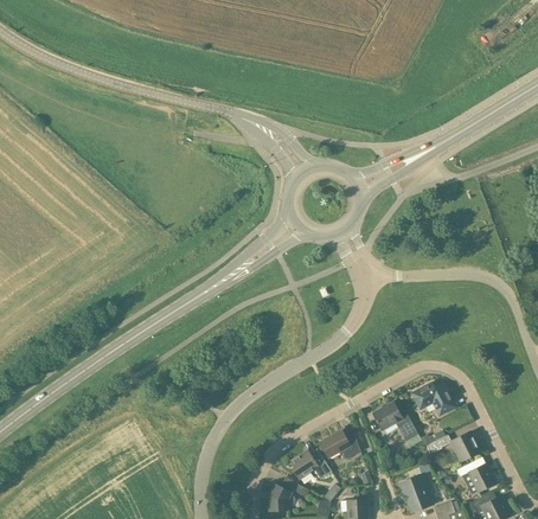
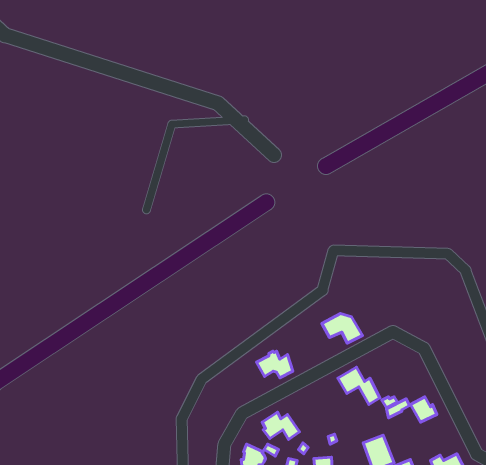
building: [411,383,455,415] -> [322,313,363,343]
building: [320,430,359,459] -> [257,351,293,378]
building: [456,463,494,493] -> none

